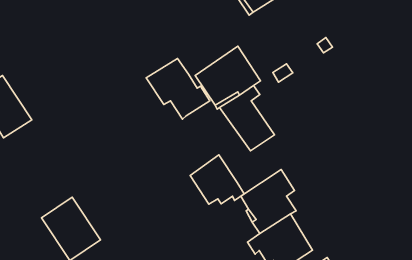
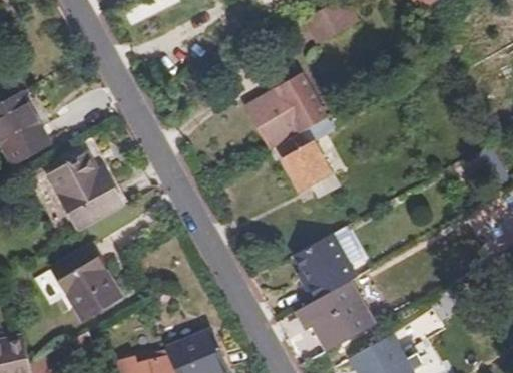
building: [146,58,210,119] -> none
building: none -> [50,154,123,230]
building: [190,155,244,204] -> none

